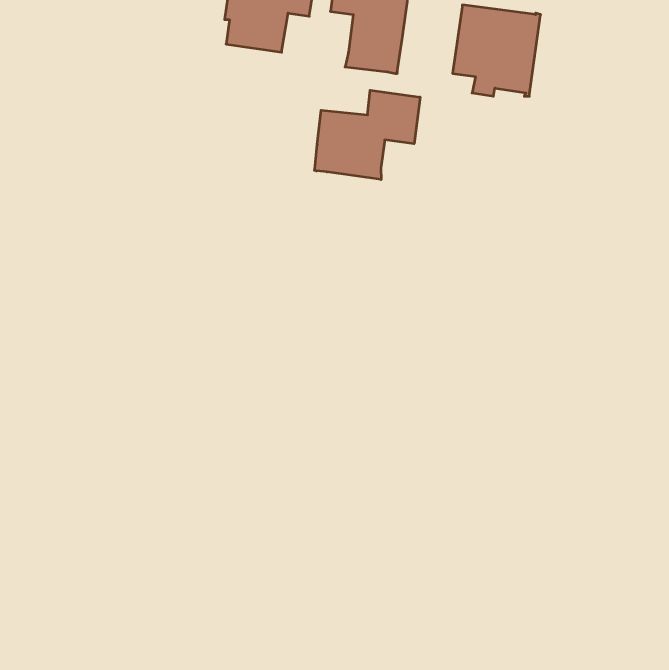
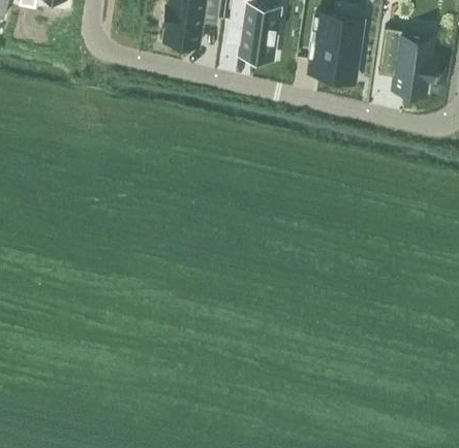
building: none -> [378,28,437,94]
building: [314,90,420,180] -> none

